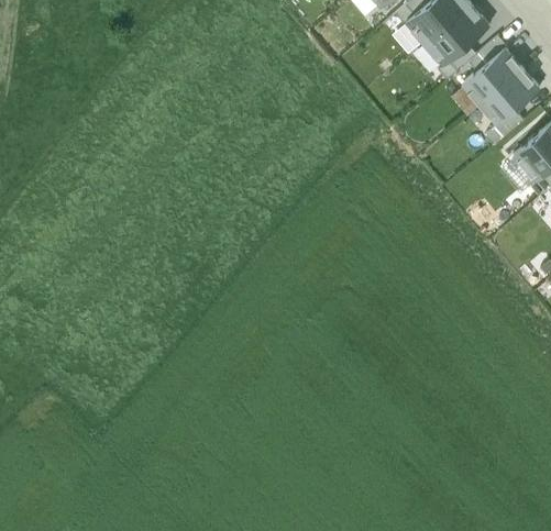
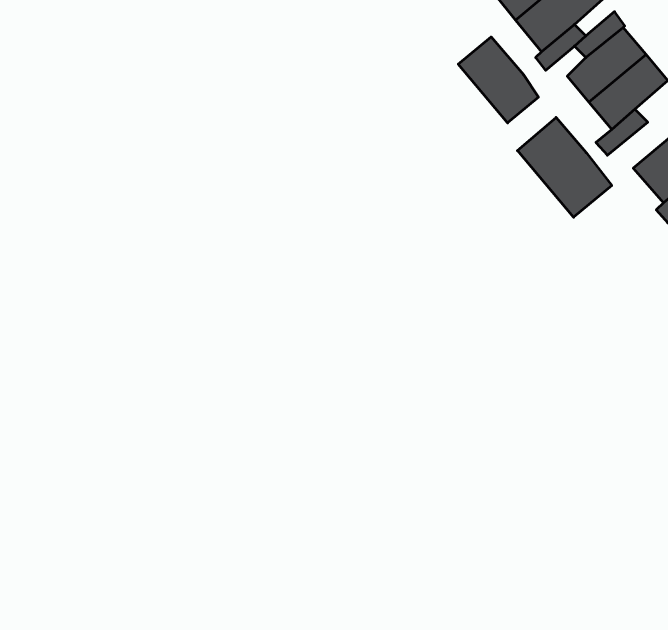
building: none -> [458,37,538,123]
building: none -> [517,117,612,217]

